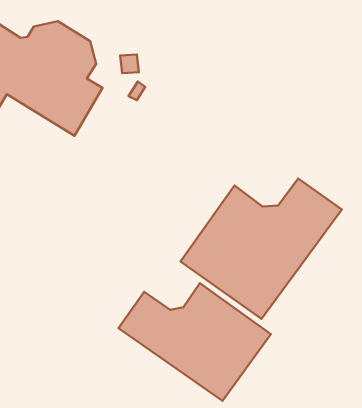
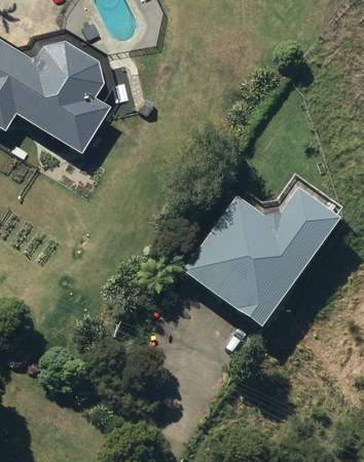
building: [118,283,271,401] -> none

